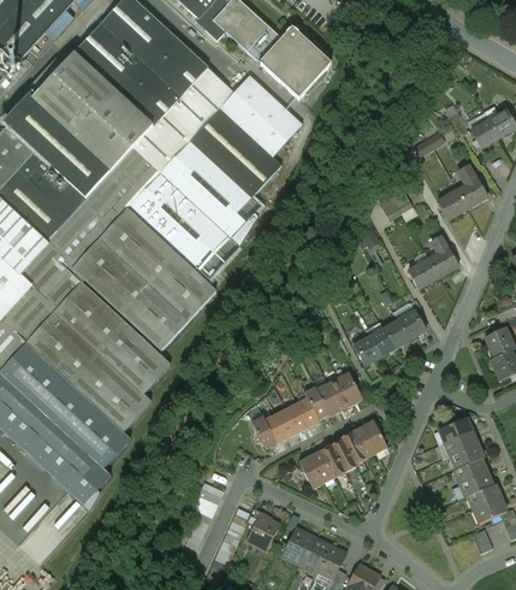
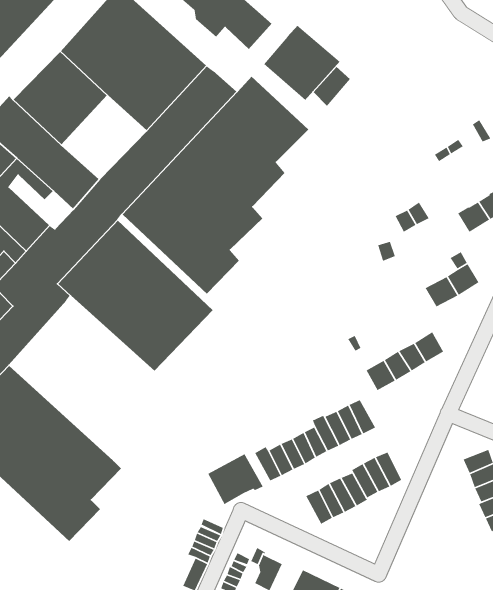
building: [247,26,281,64] -> [313,66,351,107]
building: [75,93,153,170] -> none
building: [26,166,85,216] -> none
building: [26,282,170,429] -> none
building: none -> [207,453,264,506]

